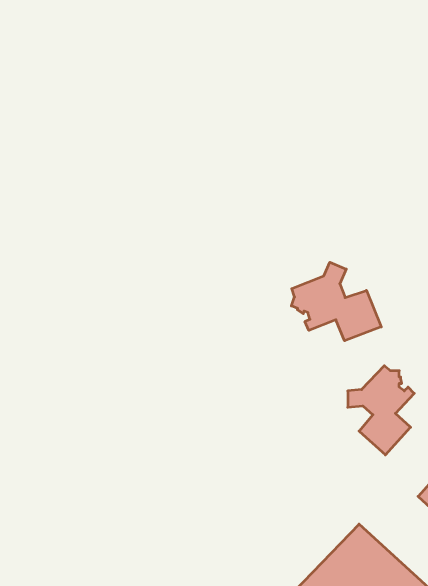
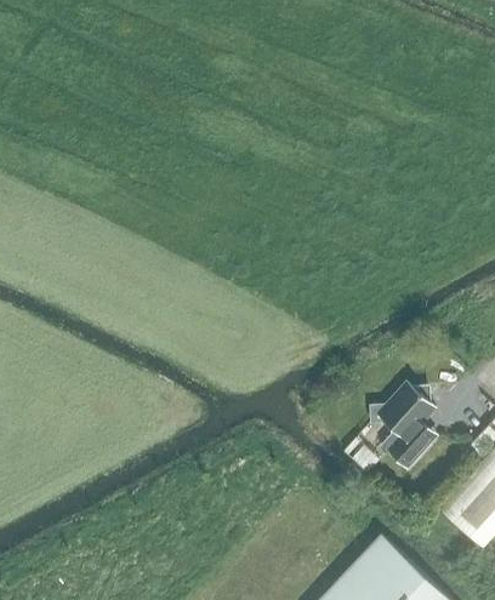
building: [291,262,381,341] -> none

